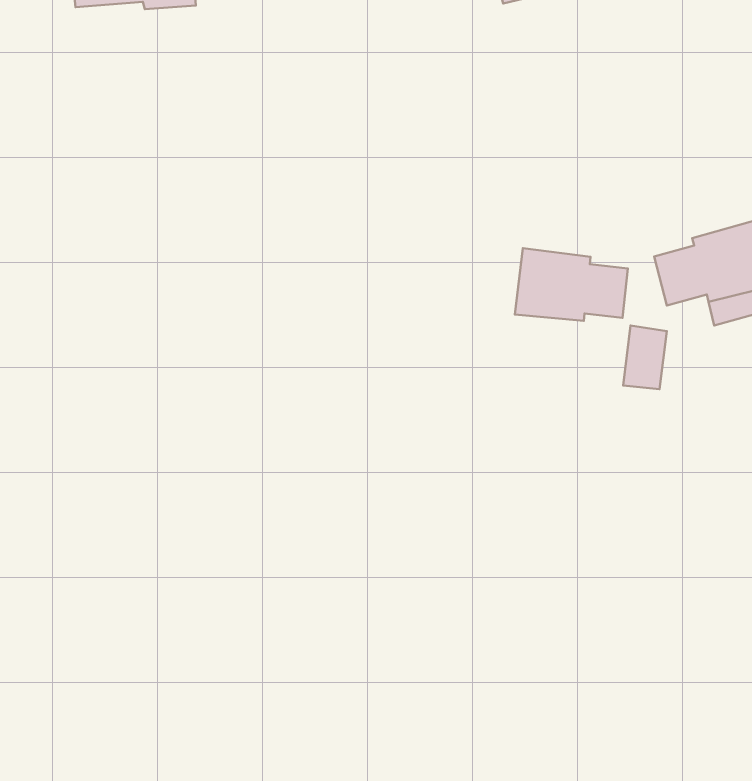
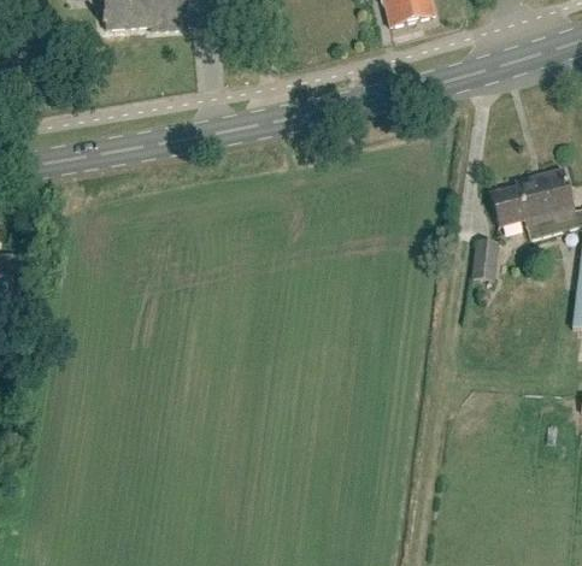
building: [515,248,628,321] -> none

